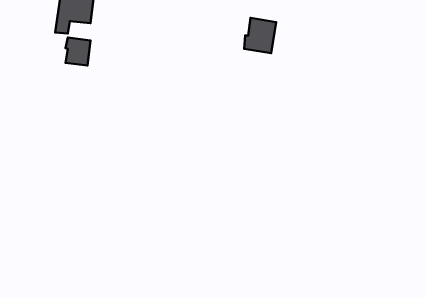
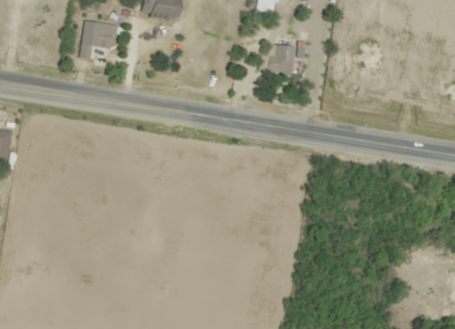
building: [65,38,90,66] -> none

